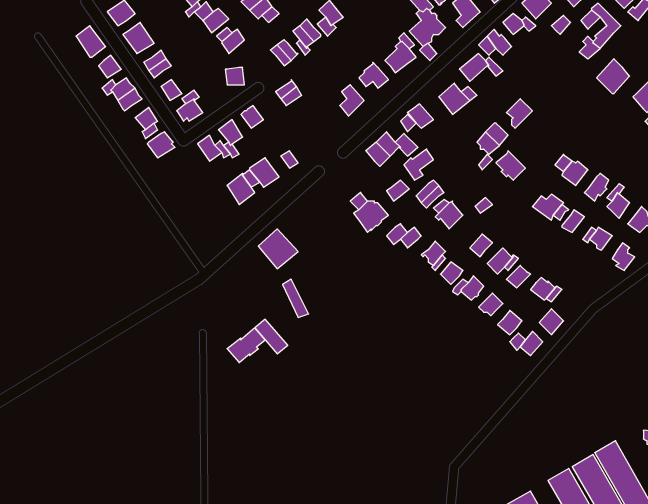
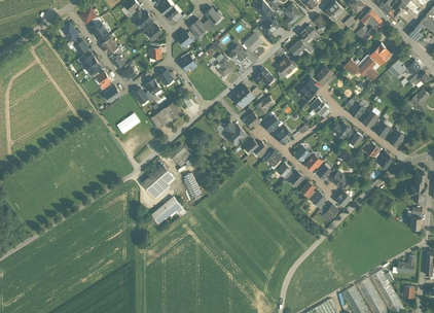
building: none -> [343,54,381,80]
building: none -> [141,165,174,198]

